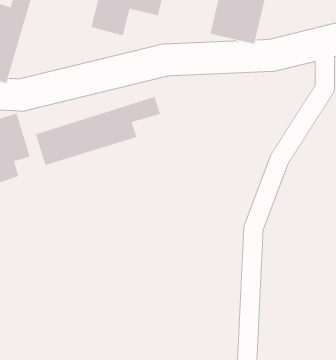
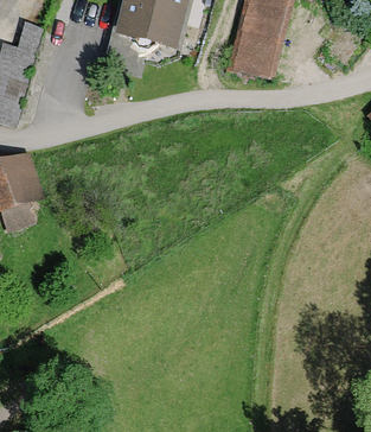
building: [35,96,161,166] -> none

